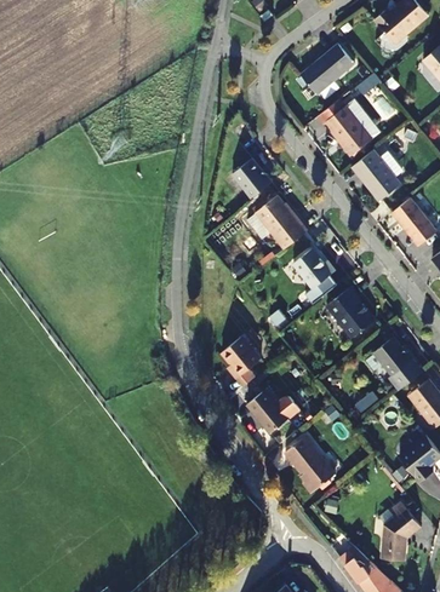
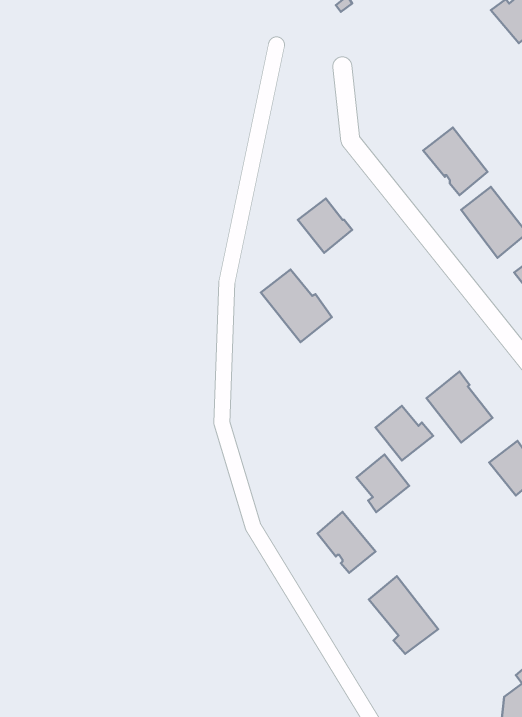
building: [301,44,355,94] -> none
building: [256,196,308,249] -> [261,269,332,342]
building: [293,248,336,288] -> [375,406,433,460]
building: [222,335,261,378] -> [356,454,409,512]

